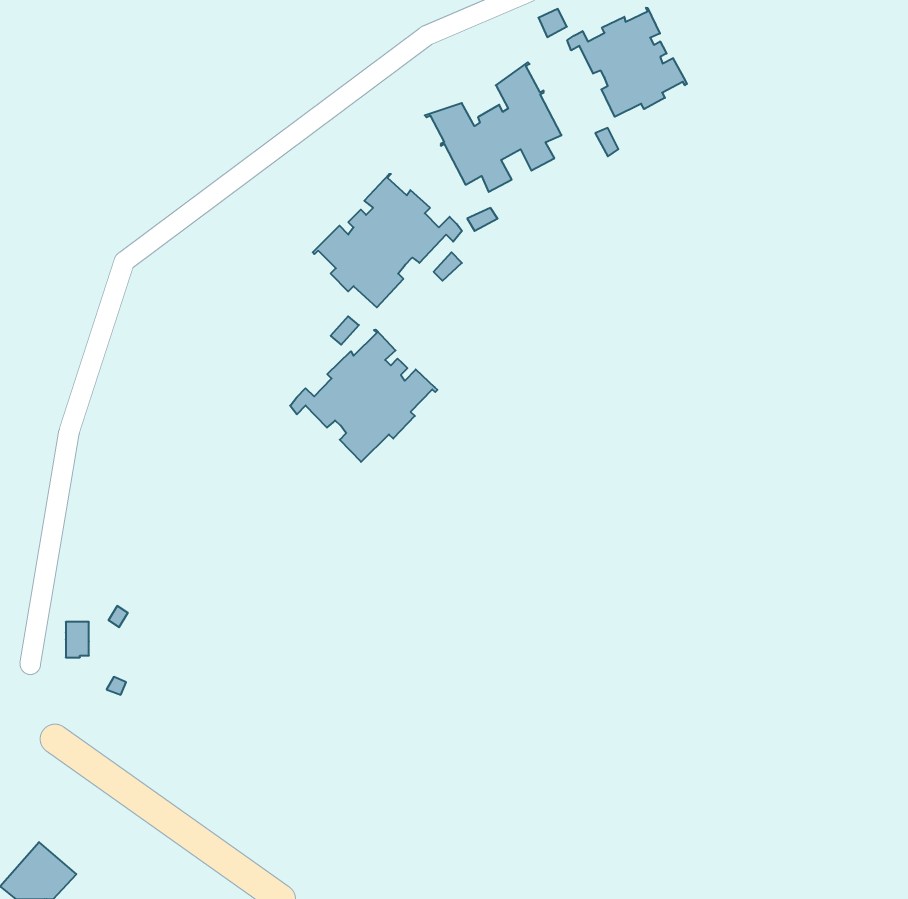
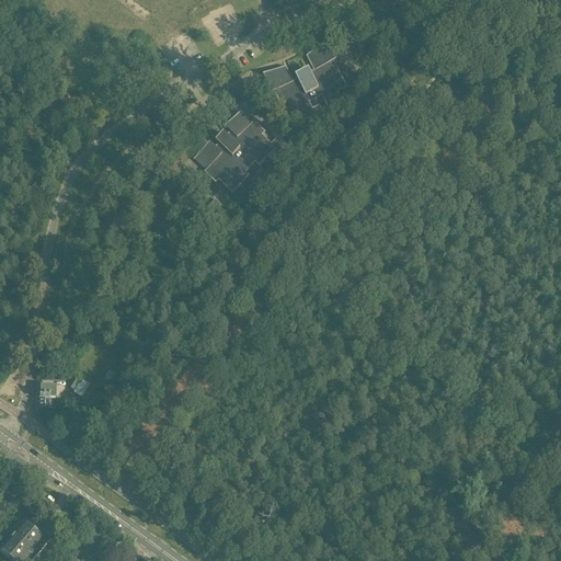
building: [567,8,687,117] -> none
building: [290,330,437,462] -> none

